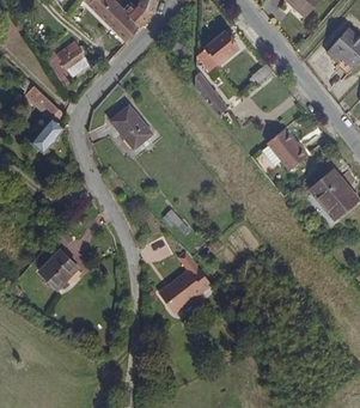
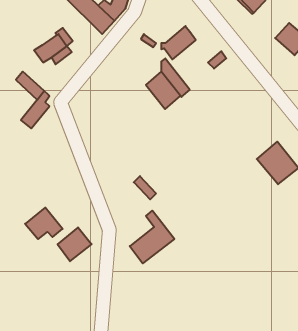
building: [109,105,150,150] -> [146,72,181,109]
building: [267,127,309,170] -> none
building: none -> [58,227,92,261]

